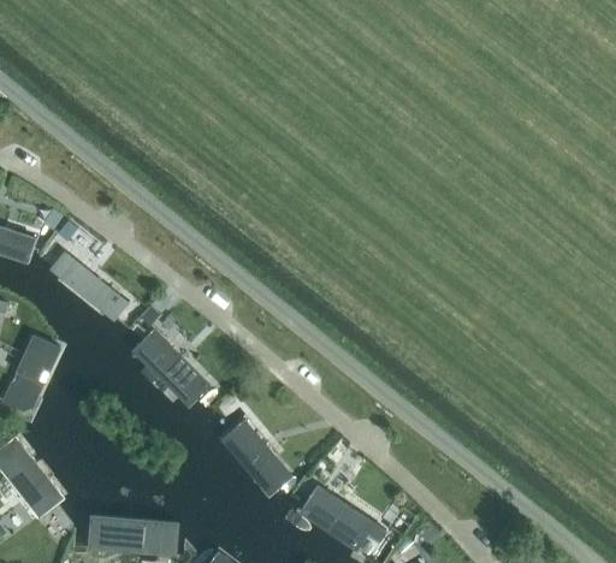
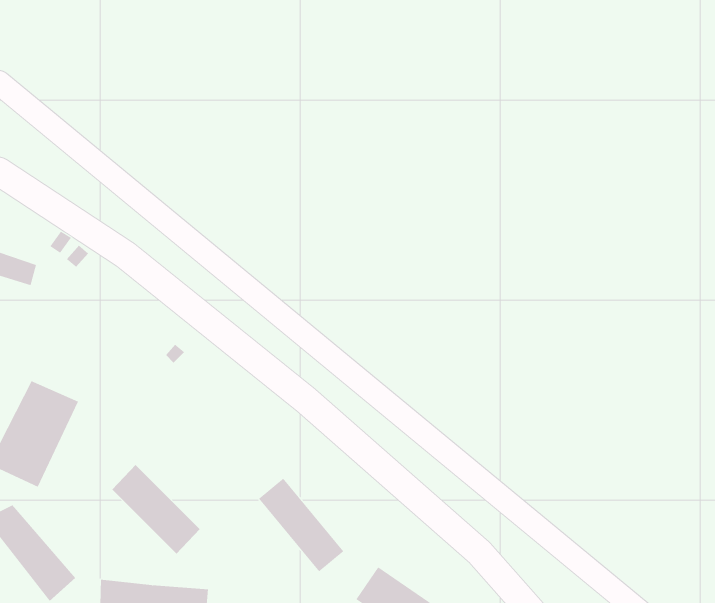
building: [54,256,135,327] -> none
building: [136,334,212,411] -> [112,464,201,554]

